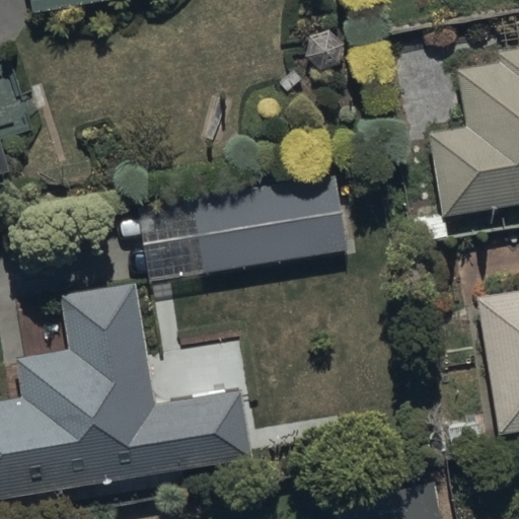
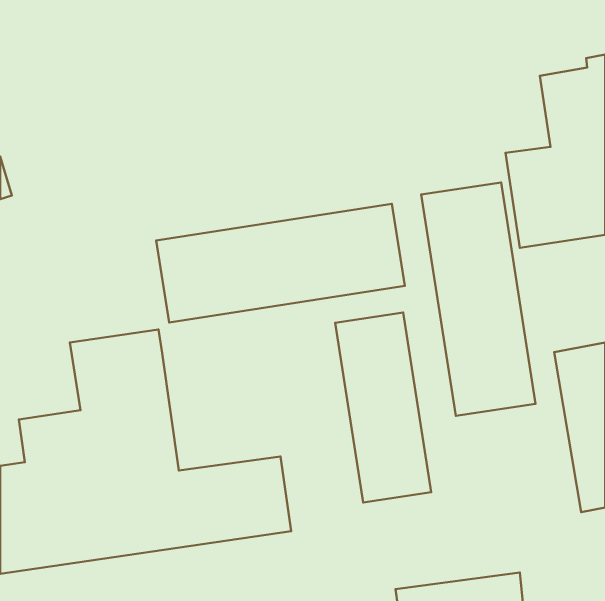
building: none -> [421,182,536,416]
building: none -> [335,313,431,502]

